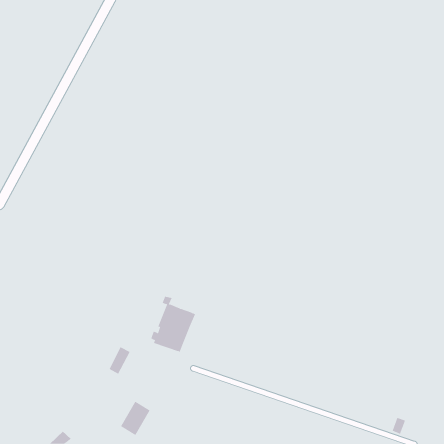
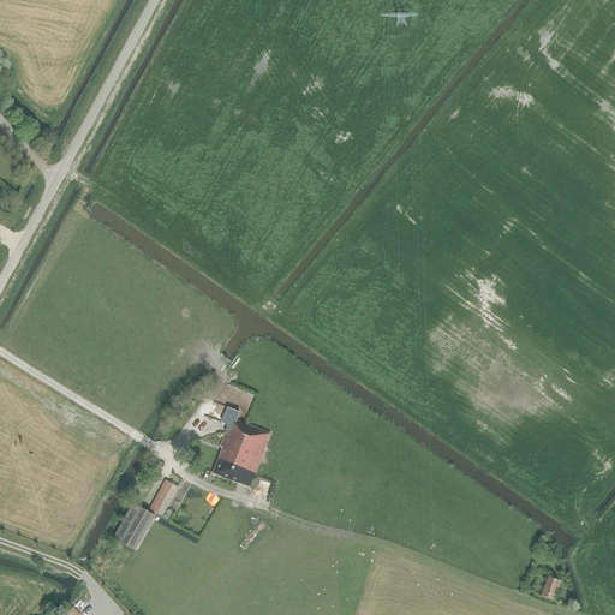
building: [120,401,151,436] -> [112,502,154,550]

